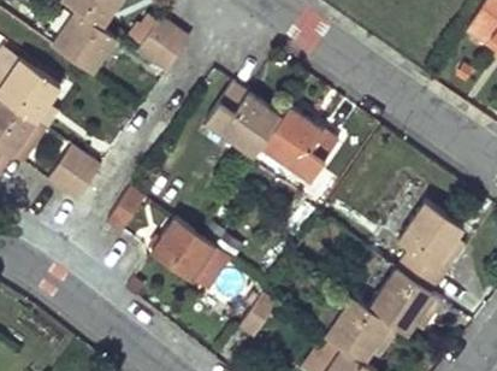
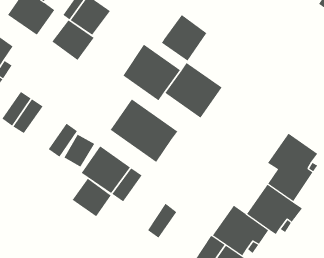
building: none -> [161,14,207,62]
building: none -> [51,19,95,61]
building: none -> [110,99,178,163]
building: none -> [72,178,112,217]

